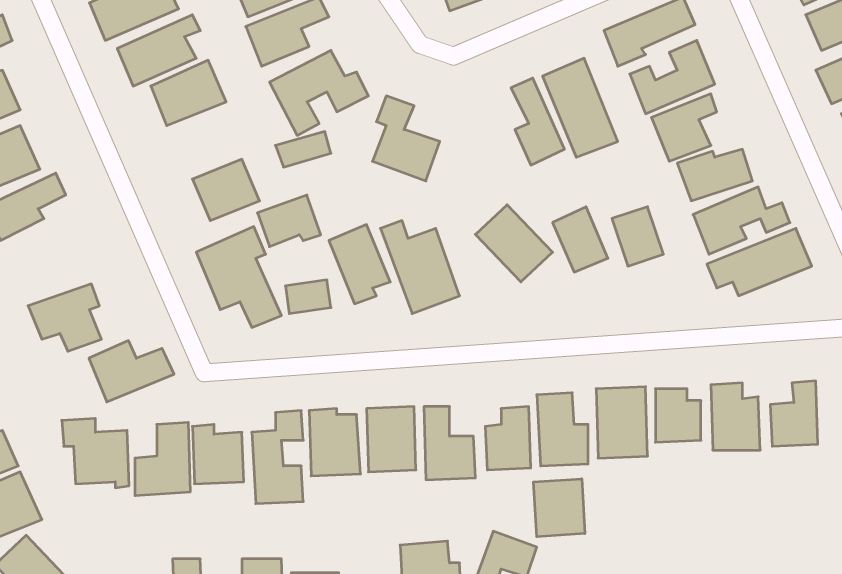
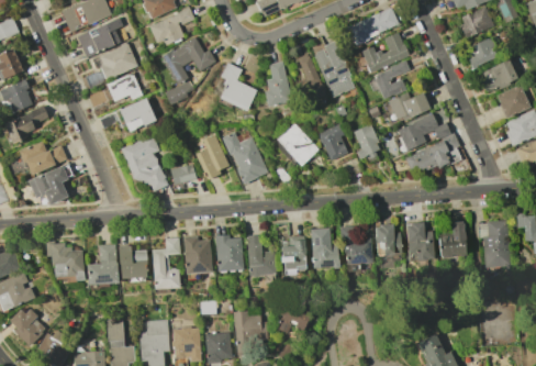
building: none -> [264,62,290,106]
building: [257,195,321,247] -> [107,74,142,102]
building: [89,341,174,402] -> [20,141,67,175]
building: [534,479,585,537] -> none

